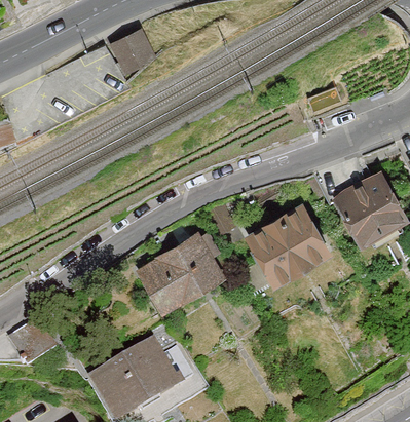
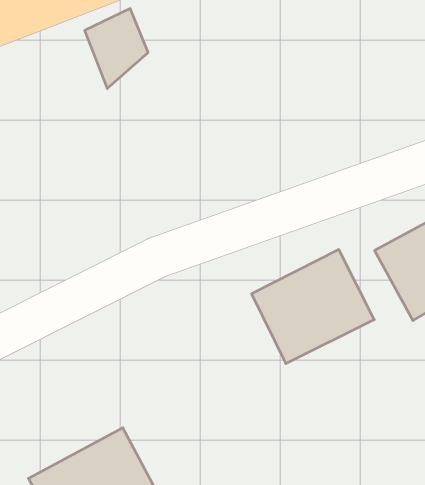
building: [135,227,233,316] -> none

